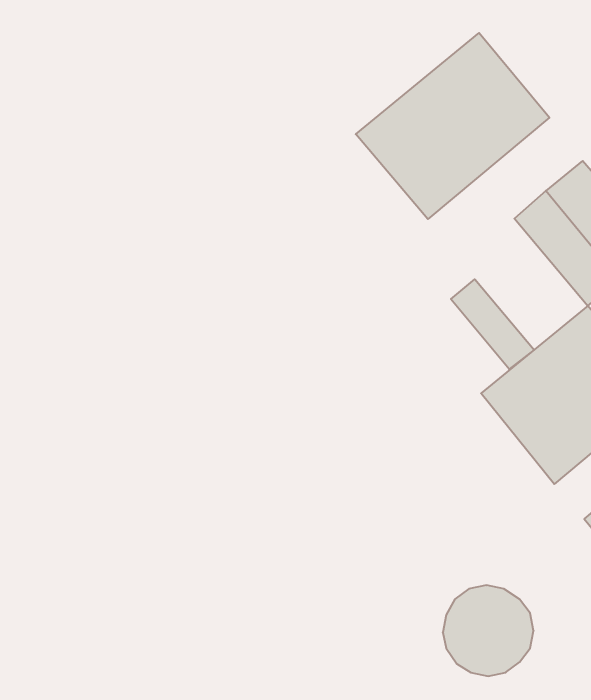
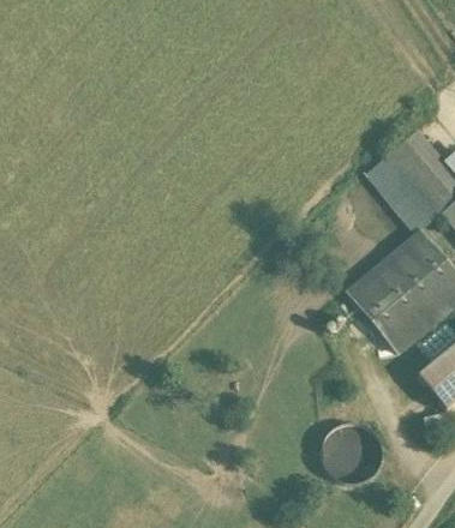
building: [356,33,549,219] -> none
building: [451,279,534,369] -> none

